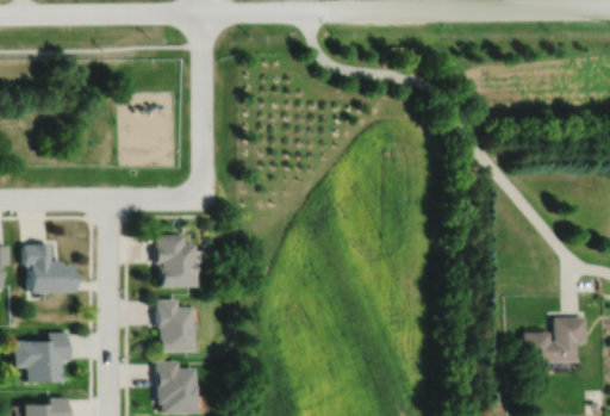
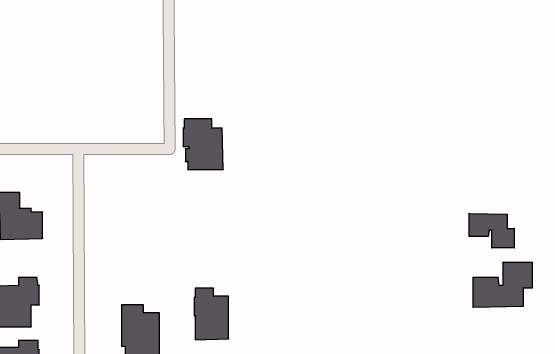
building: [156,235,198,287] -> [183,119,223,169]
building: none -> [469,213,514,248]
building: [157,299,193,353] -> [194,288,229,340]

